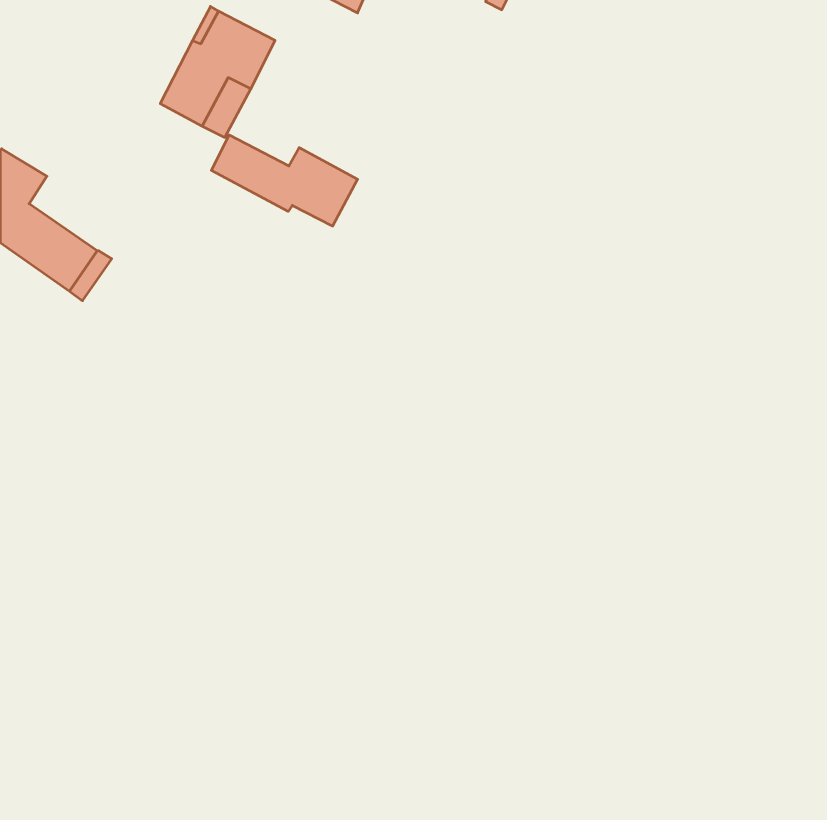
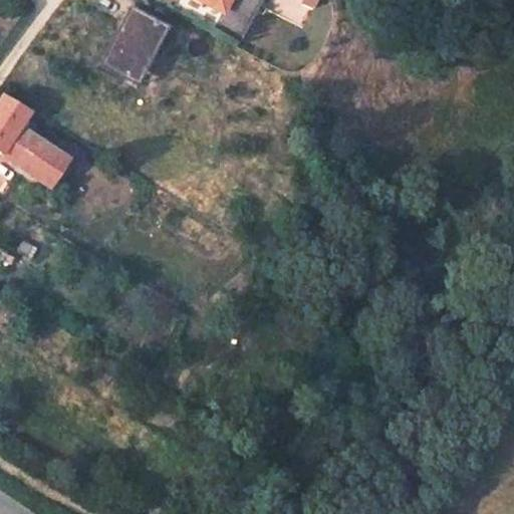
building: [211,135,358,226] -> none

